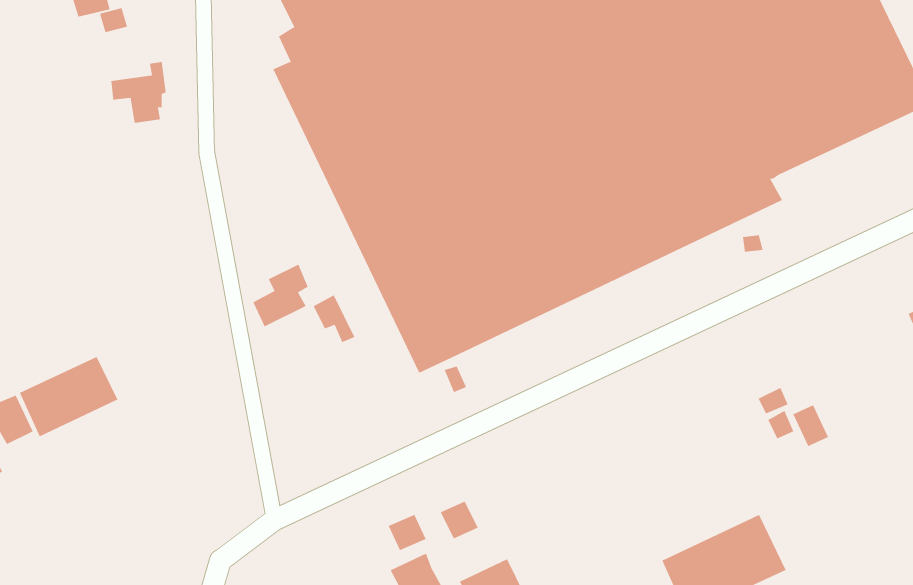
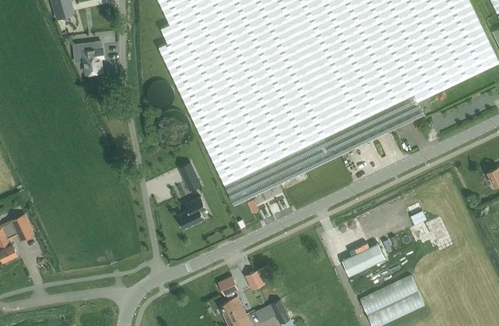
building: [253,264,308,327] -> [177,196,206,229]
building: [19,356,118,437] -> none
building: none -> [342,243,385,275]

